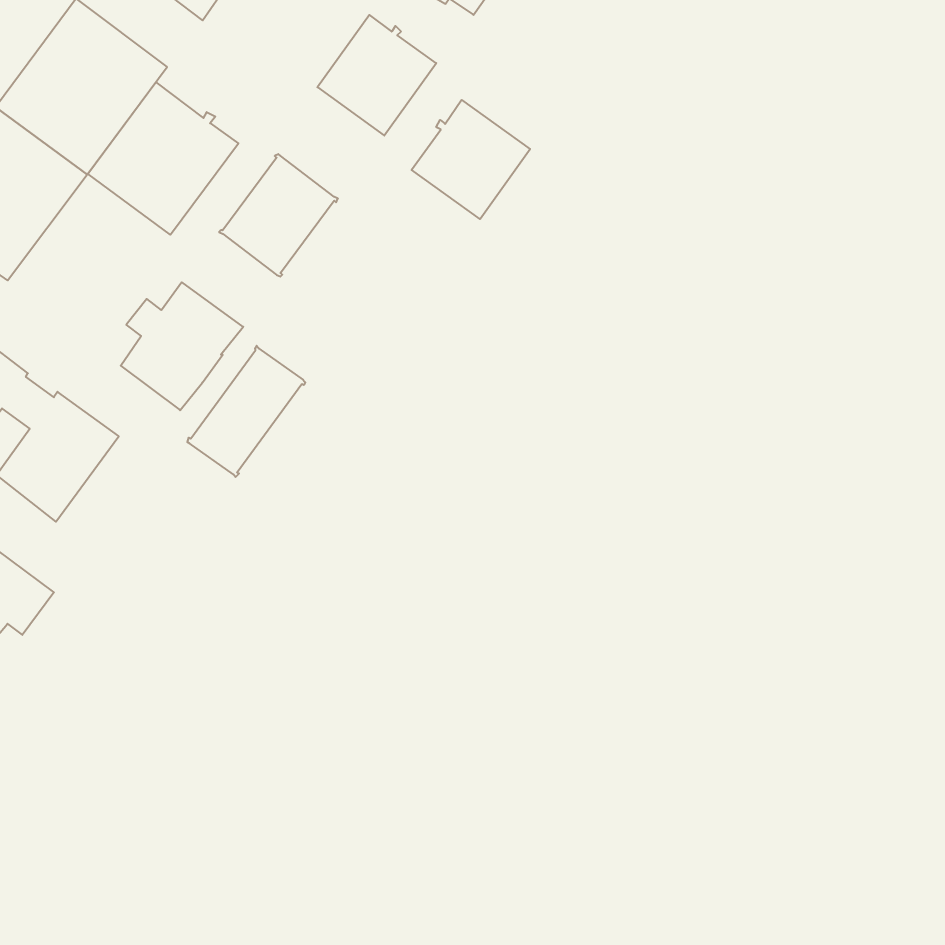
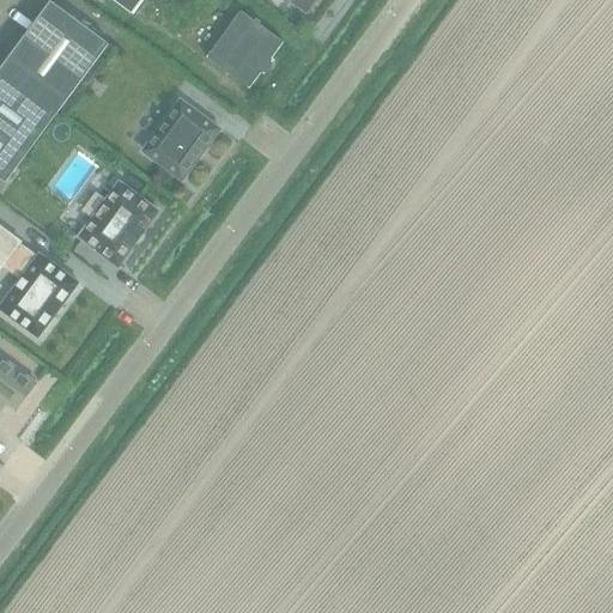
building: [88,82,238,235] -> none
building: [412,100,530,219] -> none
building: [187,346,305,477] -> none

